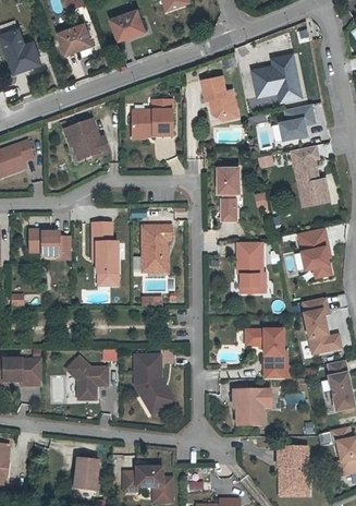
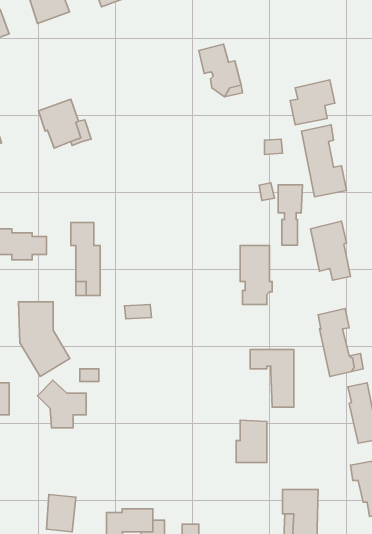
building: [249,52,299,99] -> none
building: [133,98,173,135] -> none
building: [219,169,240,220] -> [278,185,302,245]
building: [143,227,172,274] -> none
building: [133,353,176,417] -> [18,302,70,376]

